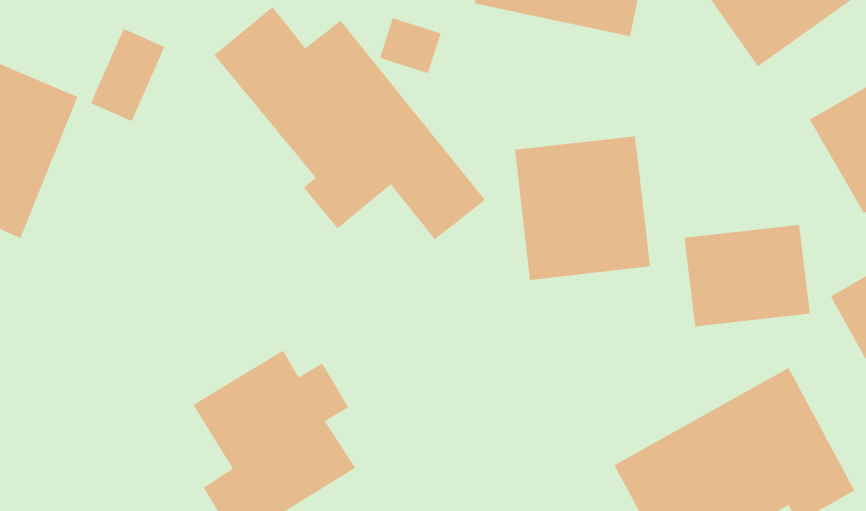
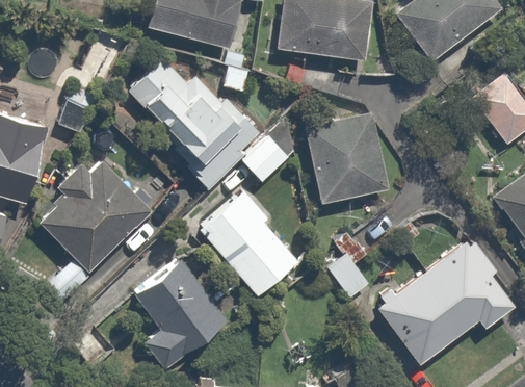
building: none -> [36,145,159,304]
building: [684,224,811,327] -> none
building: none -> [199,186,305,295]
building: none -> [329,227,373,300]

